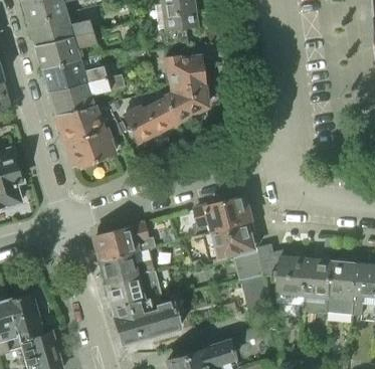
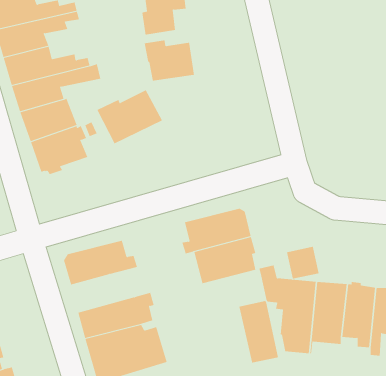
building: [162,83,206,122] -> none
building: [236,251,264,280] -> [286,246,319,279]
building: [99,252,153,285] -> none

